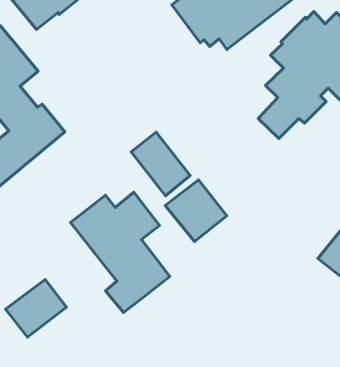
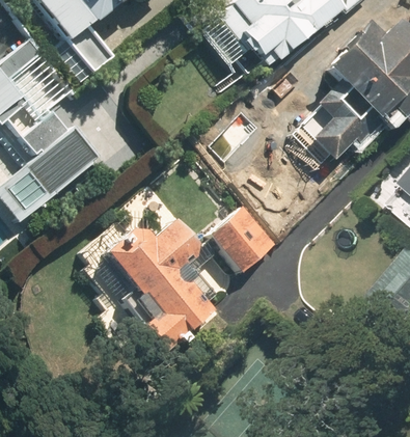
building: [131,132,190,196] -> none
building: [6,279,66,337] -> none

